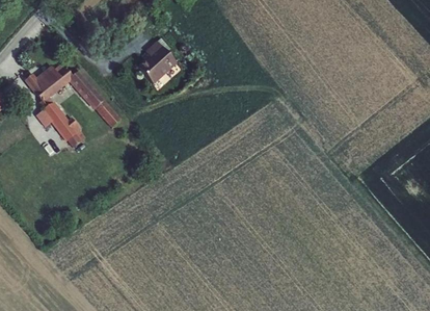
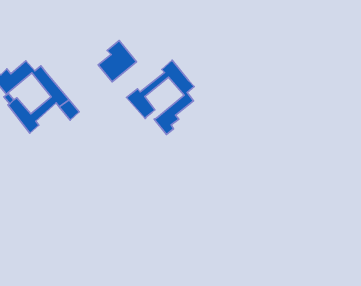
building: none -> [126,60,194,134]

